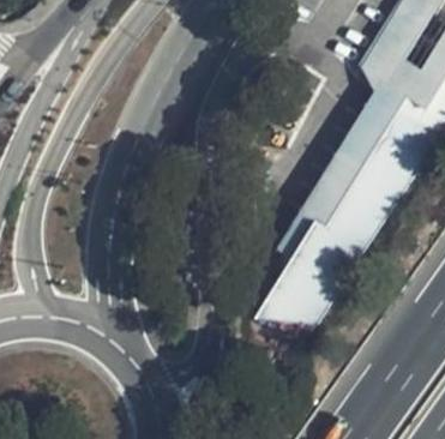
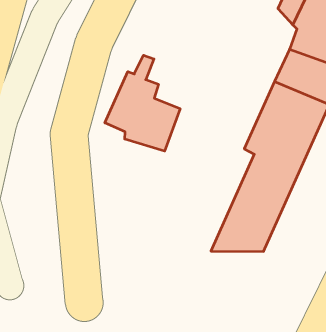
building: none -> [105,55,180,151]

